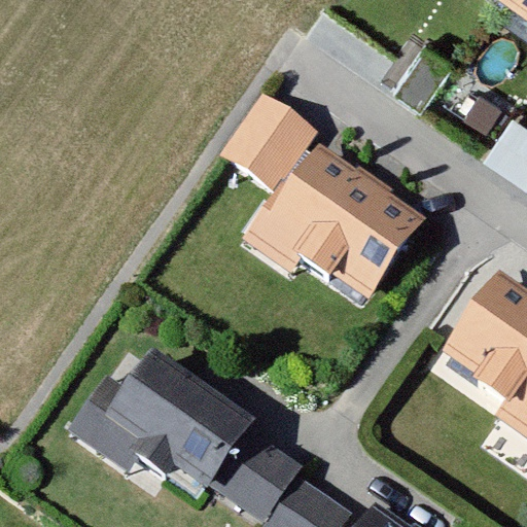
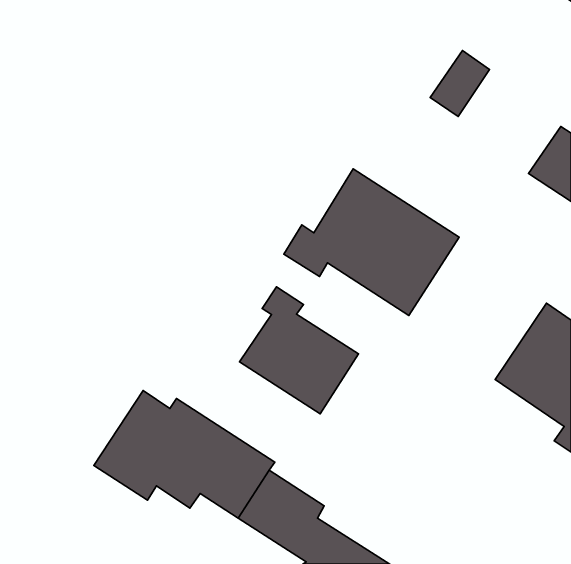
building: [218,98,313,196] -> none
building: none -> [240,287,358,414]

